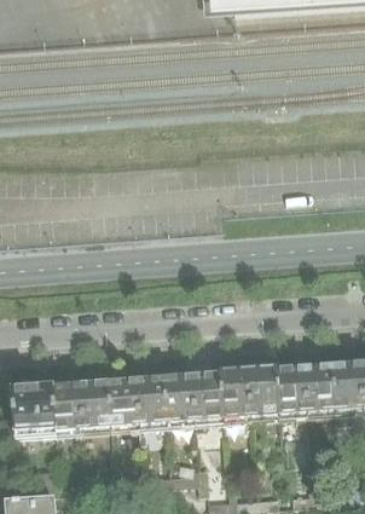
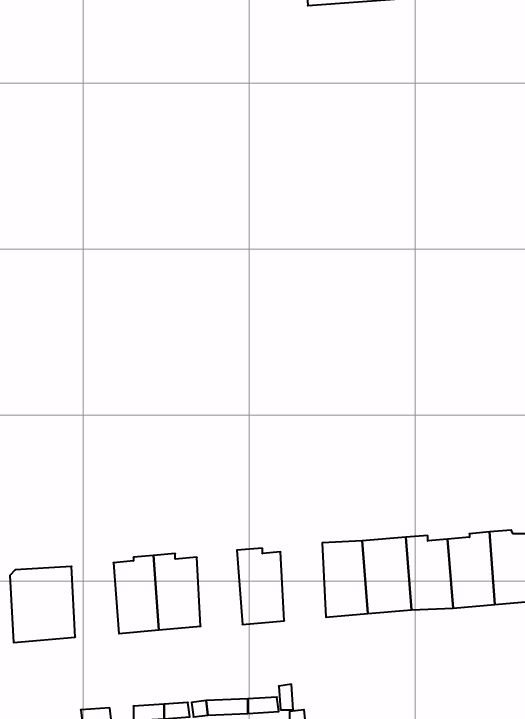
building: [195,370,225,422] -> none
building: [139,375,169,426] -> none
building: [56,382,87,433] -> none

